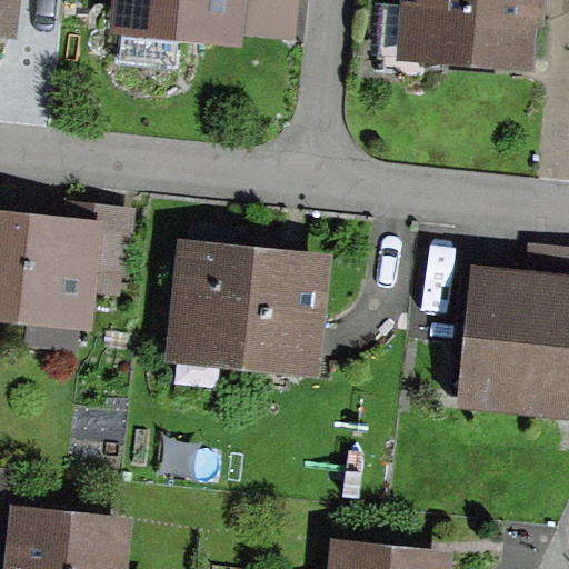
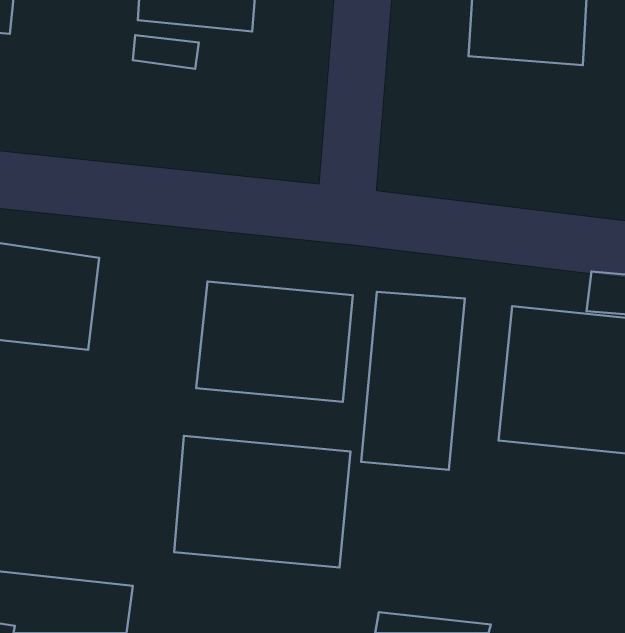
building: none -> [361,292,465,470]
building: none -> [174,436,350,568]

